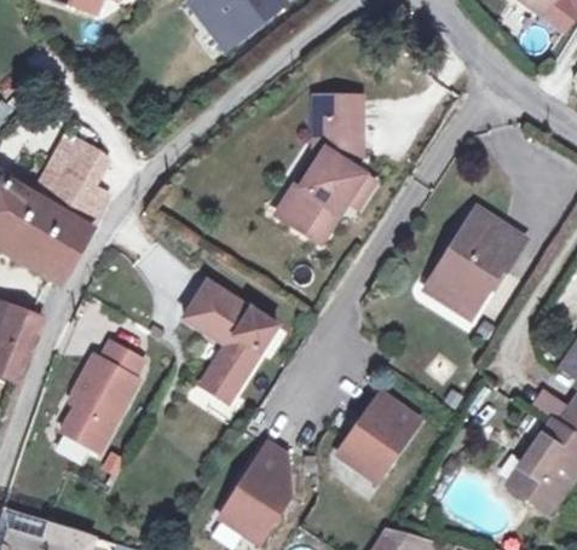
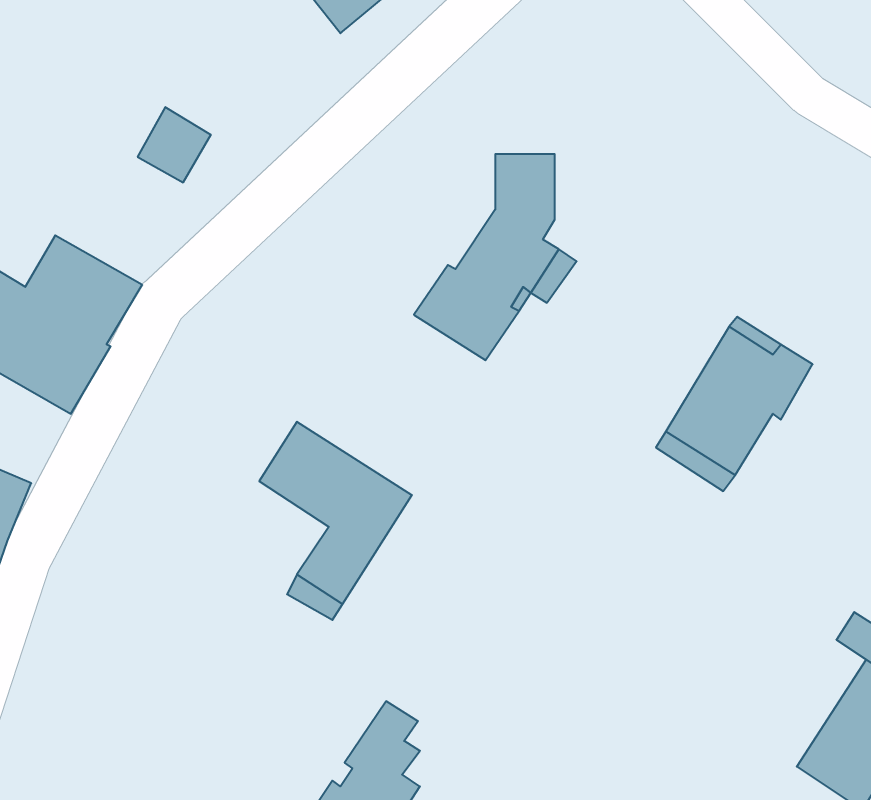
building: [296,97,362,186] -> none
building: [57,135,102,181] -> [138,107,211,182]
building: [64,338,149,446] -> none
building: [336,394,419,473] -> none

